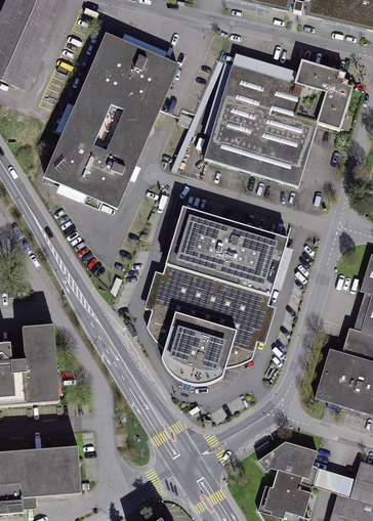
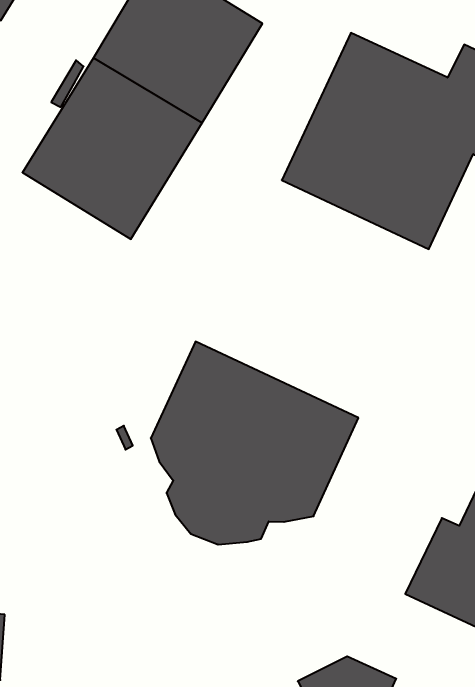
building: [166,207,288,295] -> none

